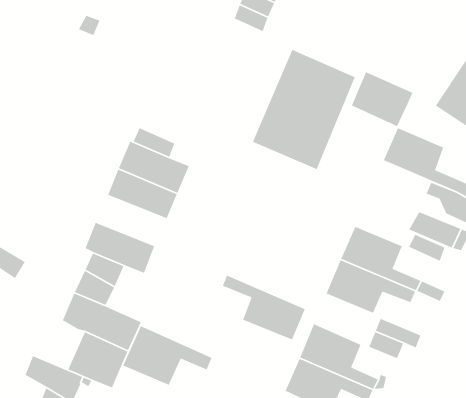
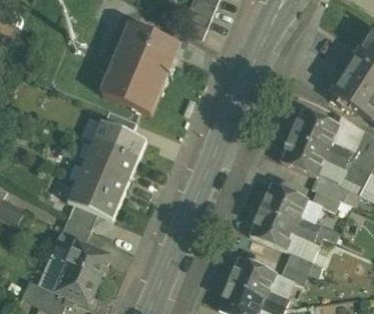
building: [252,49,356,170] -> [101,23,179,114]
building: [351,71,414,127] -> [281,134,328,177]
building: none -> [75,161,129,199]
building: [222,275,306,341] -> none
building: [122,325,212,386] -> none

